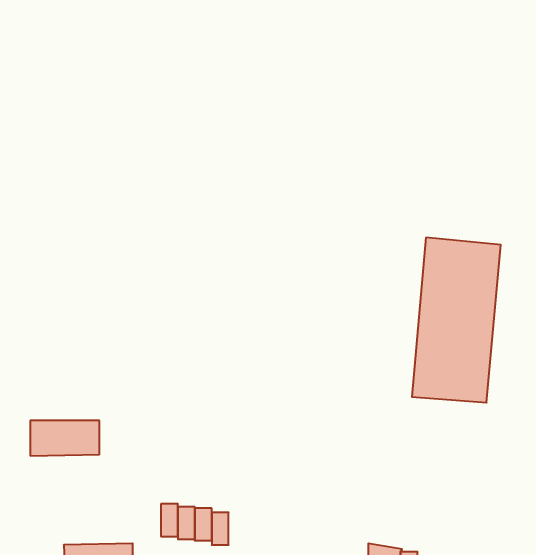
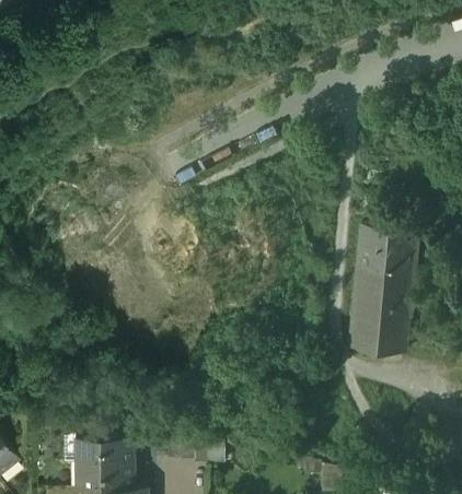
building: [30,421,99,456] -> [78,438,131,466]

